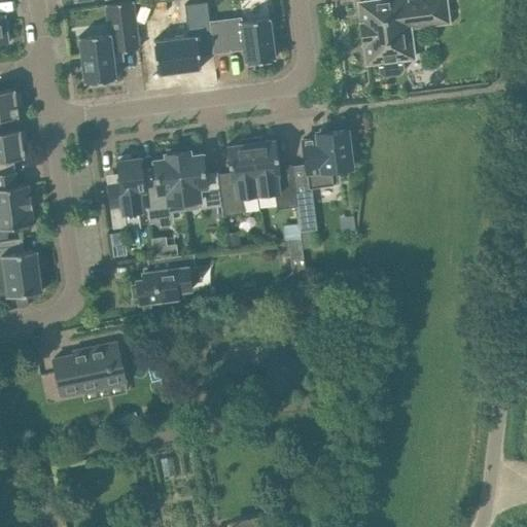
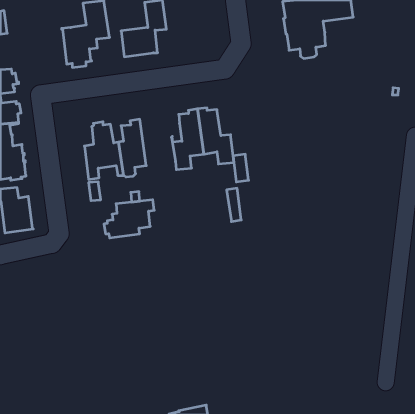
building: [210,17,275,66] -> none
building: [303,131,353,188] -> none
building: [177,151,222,211] -> none
building: [52,343,125,396] -> none

